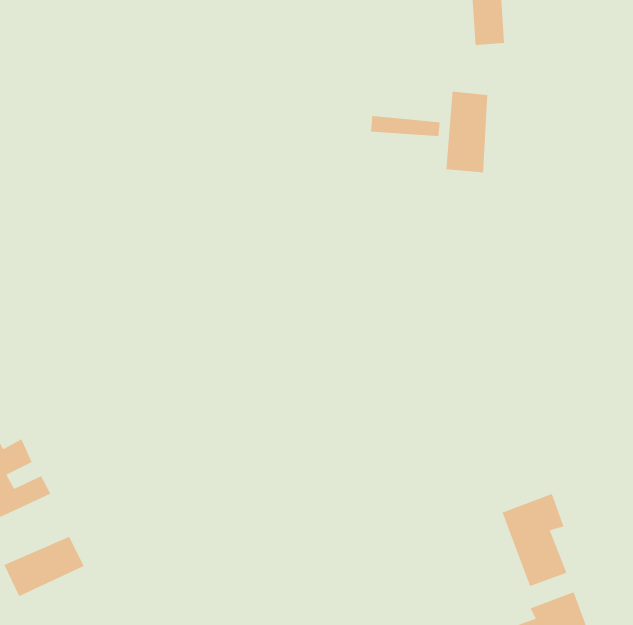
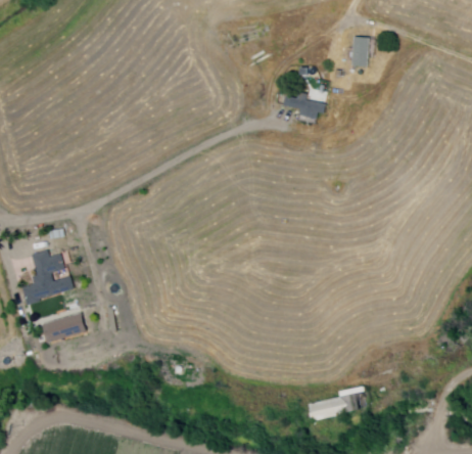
building: [446,91,488,173] -> none
building: [502,493,567,587] -> none

